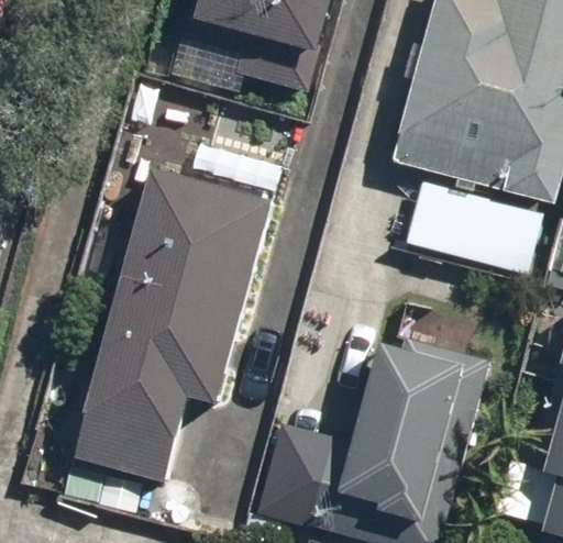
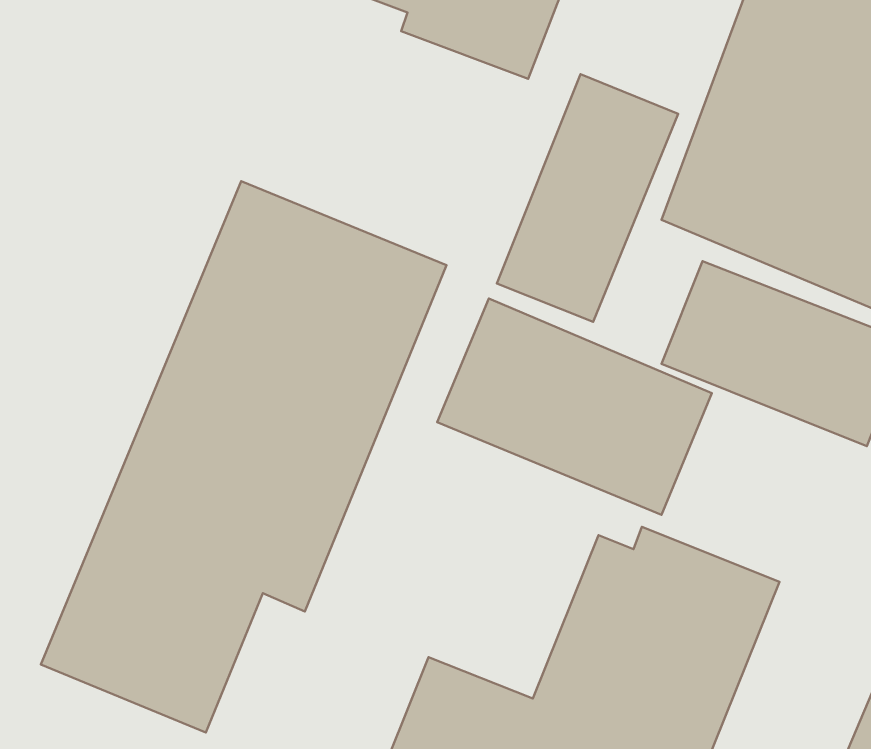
building: none -> [497,74,678,322]
building: none -> [437,299,712,515]

